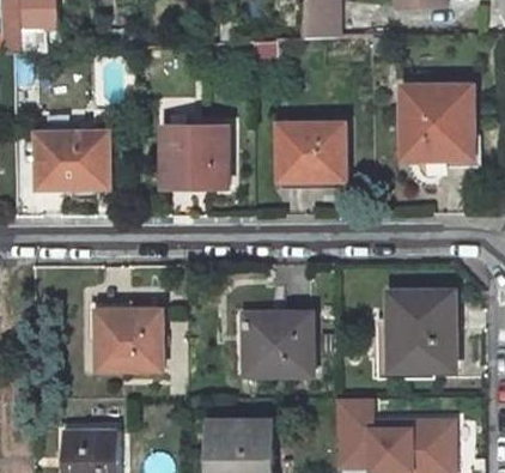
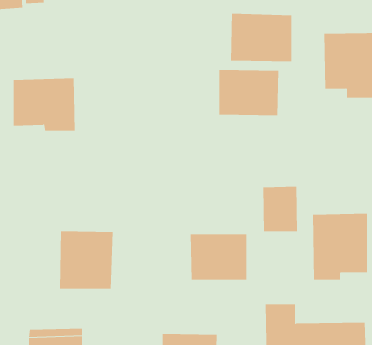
building: none -> [230,13,292,62]
building: [160,128,231,189] -> none
building: none -> [263,186,298,232]

